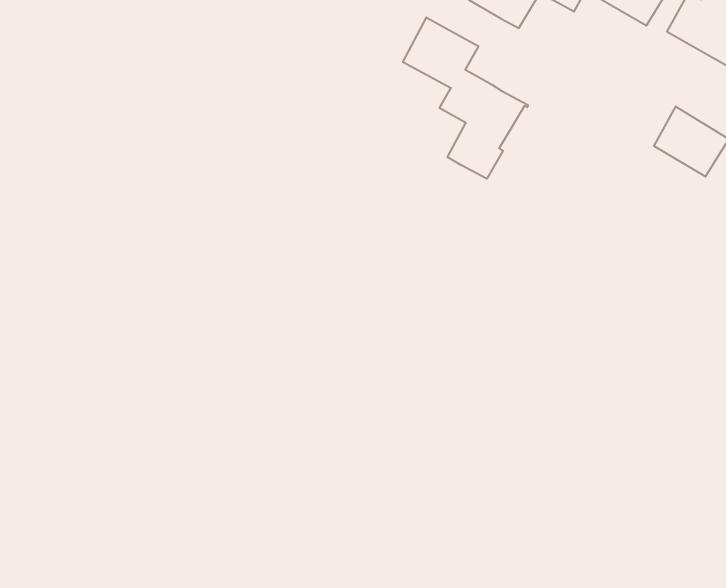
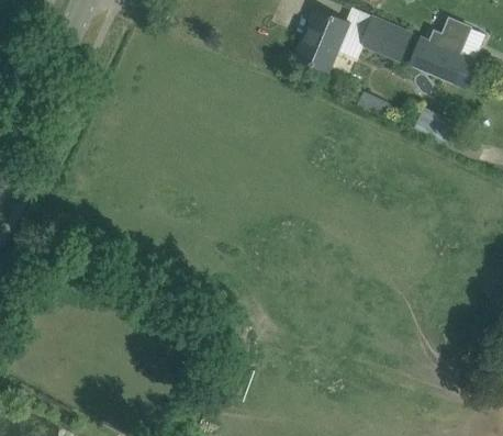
building: [403,17,528,179] -> none

